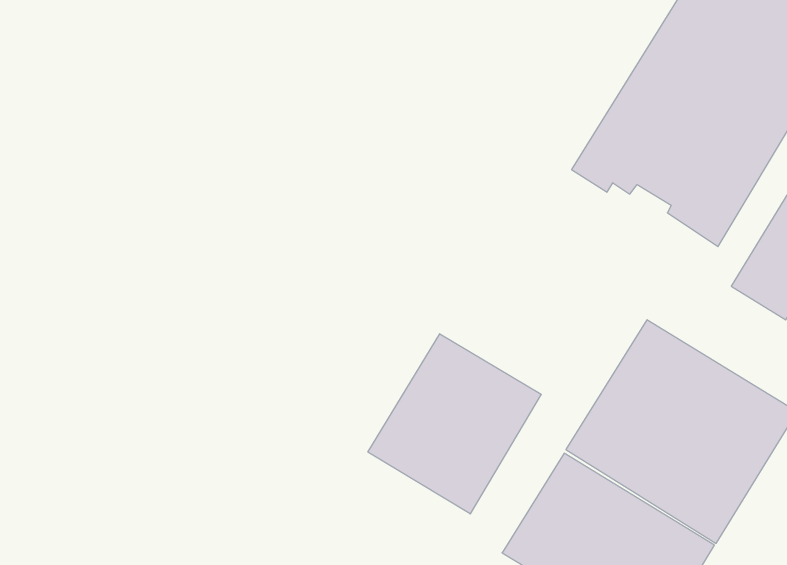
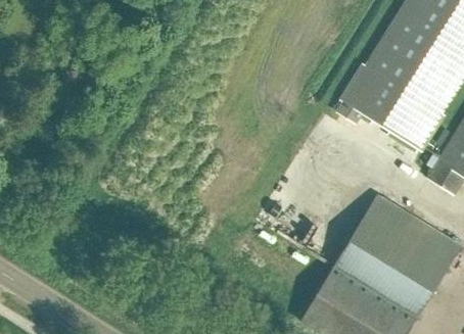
building: [368,334,541,514] -> none

